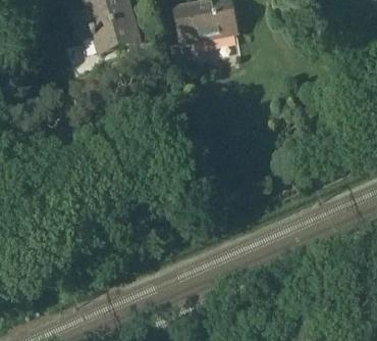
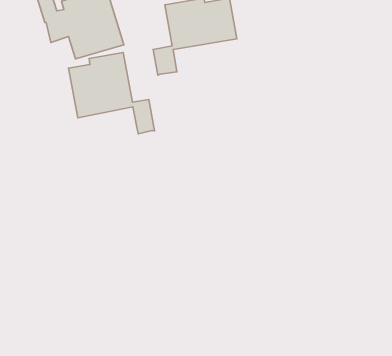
building: none -> [68,52,155,134]

